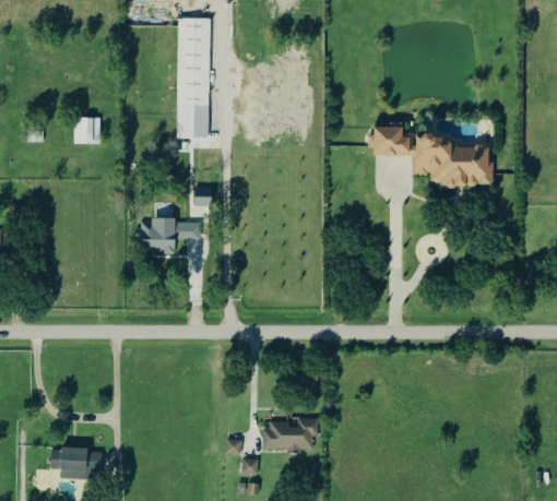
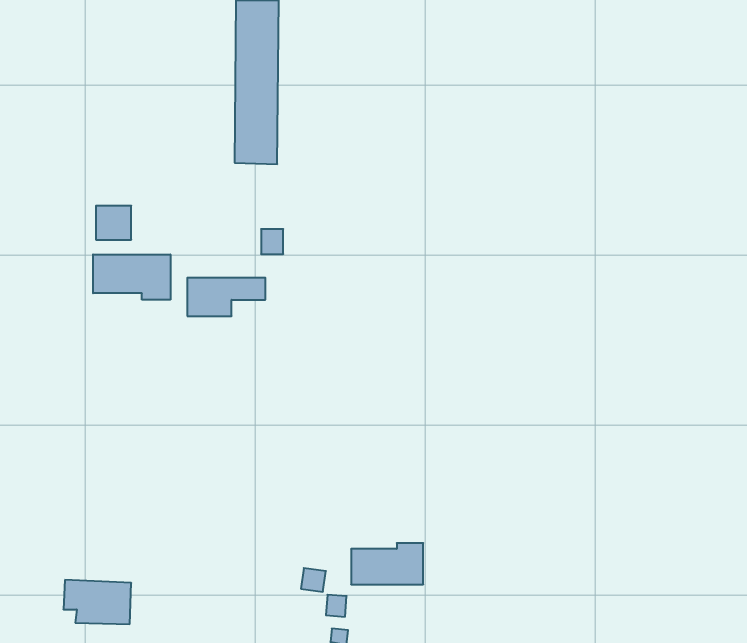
building: [73,118,99,143] -> [96,206,131,240]
building: [370,126,496,186] -> none
building: none -> [93,254,170,300]

